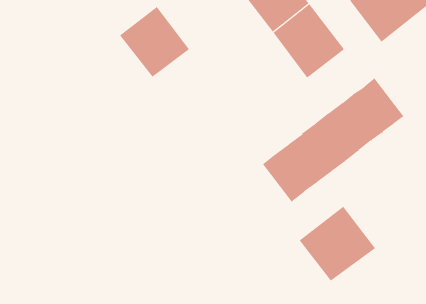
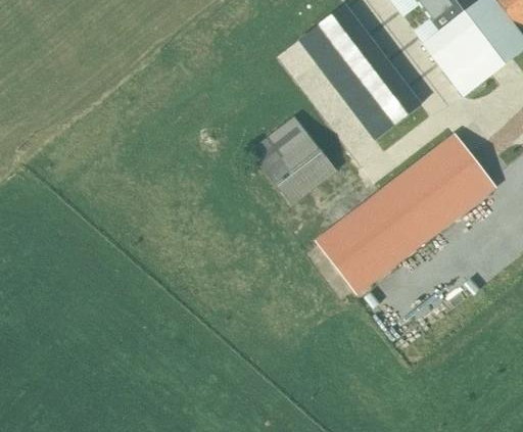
building: [119,6,190,78] -> [250,116,336,203]
building: [299,206,376,281] -> none

